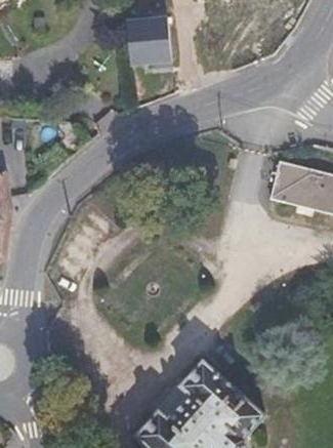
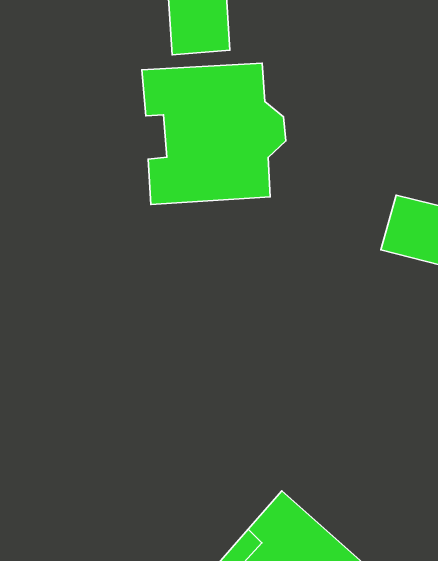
building: none -> [142,63,286,204]

